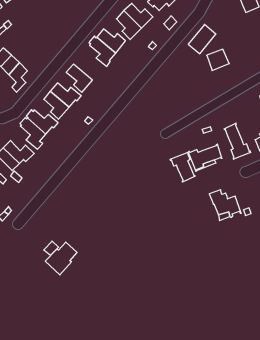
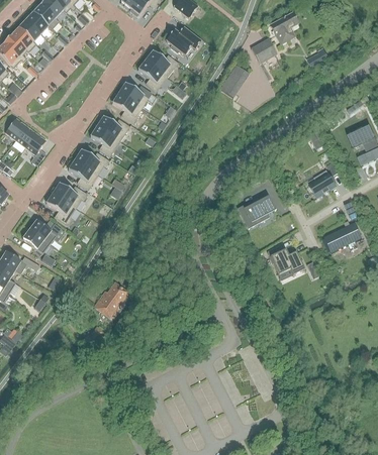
building: [207,49,229,71] -> [251,37,277,63]
building: none -> [95,116,129,141]
building: [224,123,251,159] -> none
building: [170,152,195,182] -> none
building: [45,242,77,275] -> [93,281,127,319]

